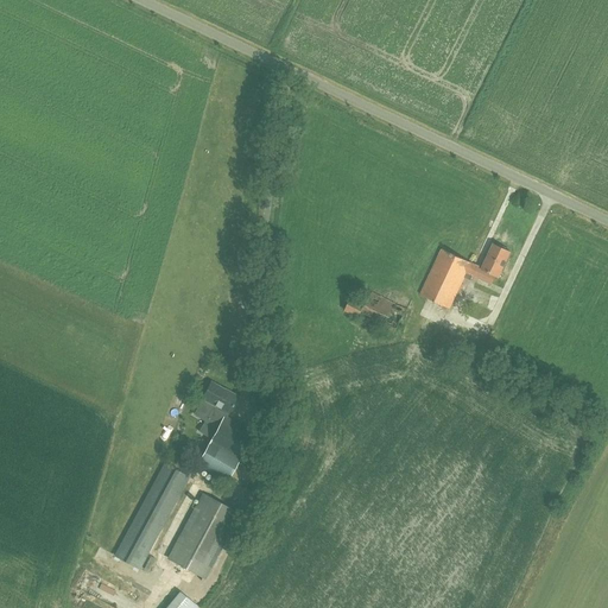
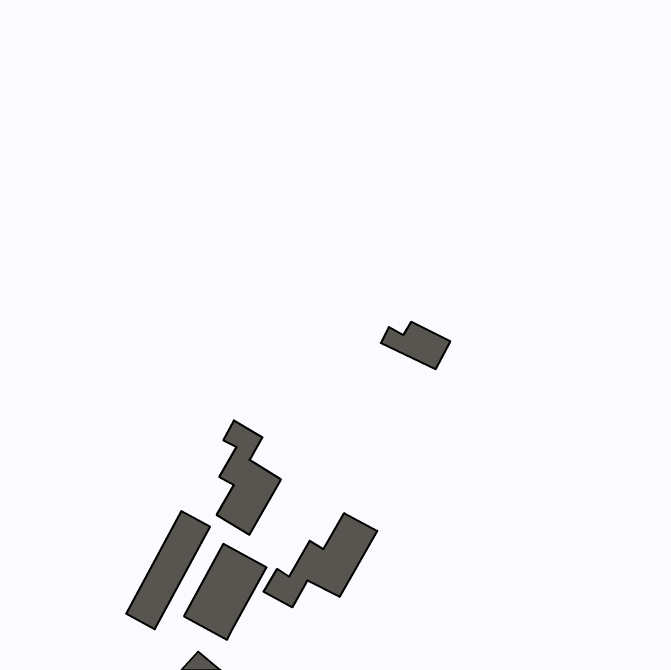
building: [419,242,511,308] -> none
building: none -> [263,513,377,607]

